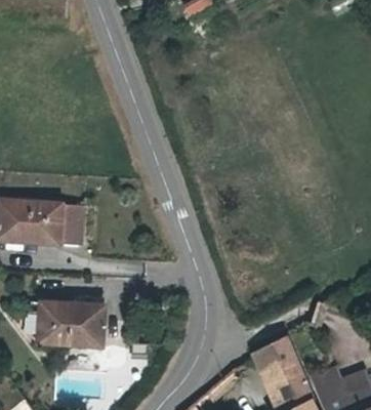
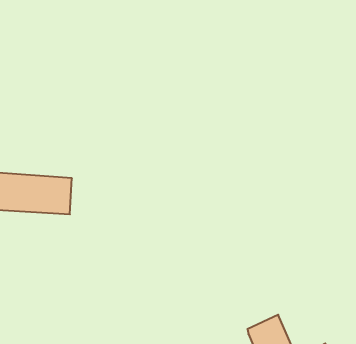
building: [39,302,104,343] -> none

